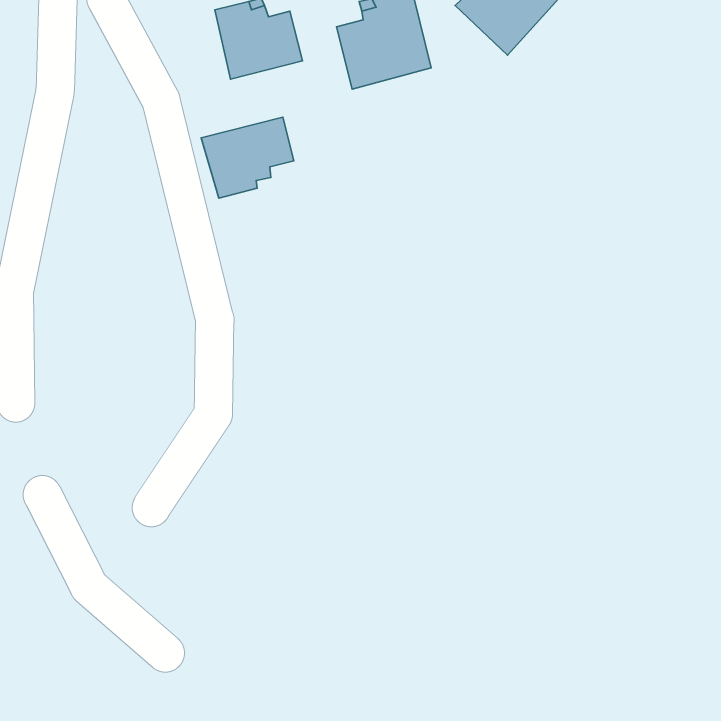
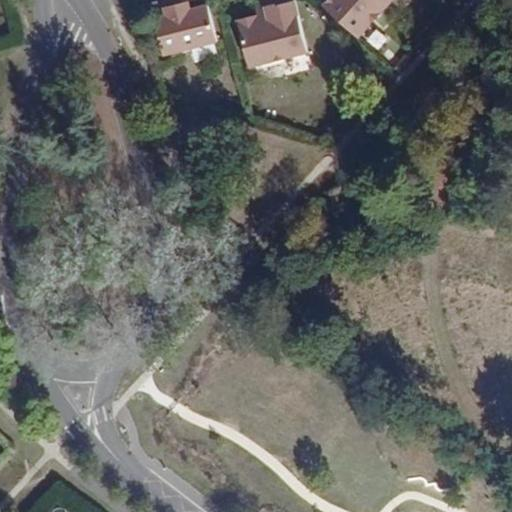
building: [201,117,294,198] -> none

